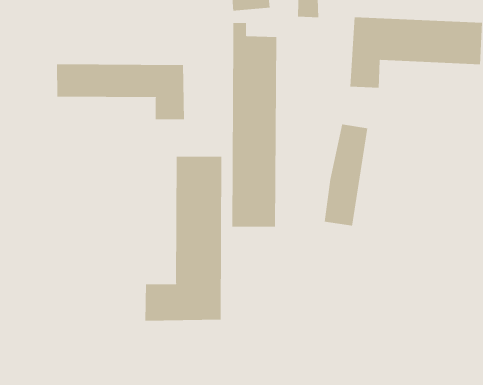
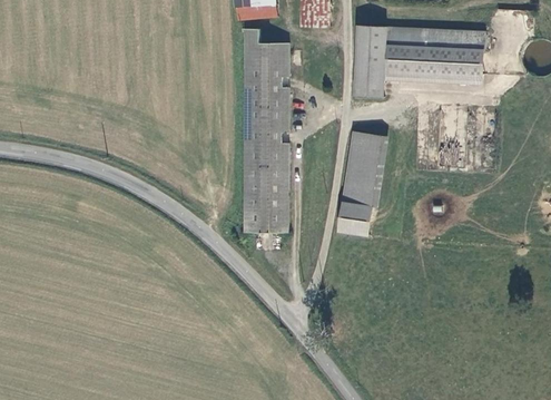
building: [57,64,185,120] -> none
building: [145,156,222,322] -> none

